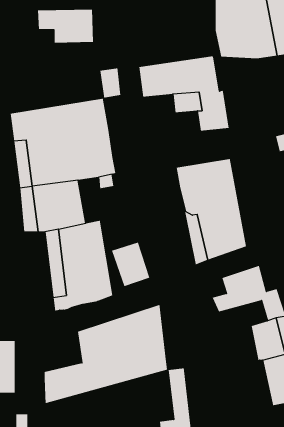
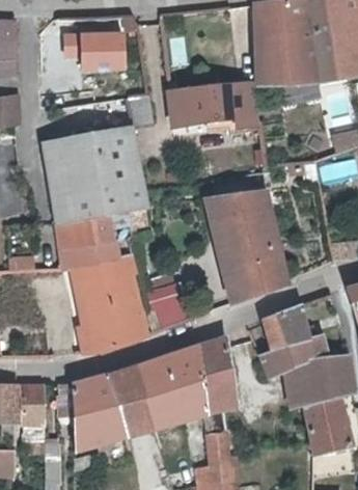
building: none -> [196,335,236,407]
building: none -> [258,342,310,376]
building: none -> [72,375,113,417]

